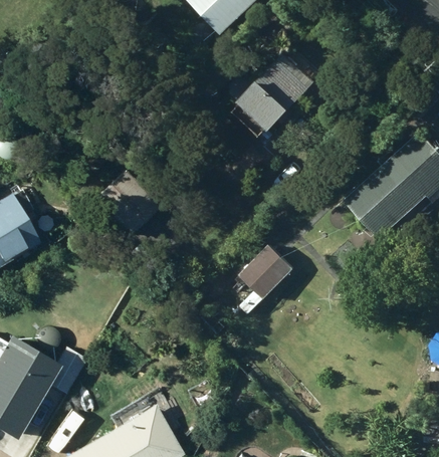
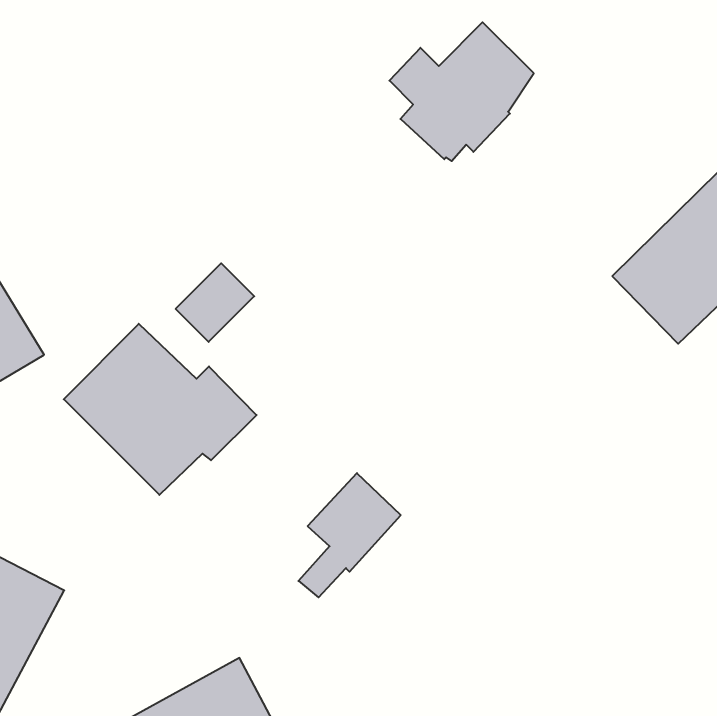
building: none -> [64,324,257,495]
building: [239,245,295,313] -> [298,473,401,597]

